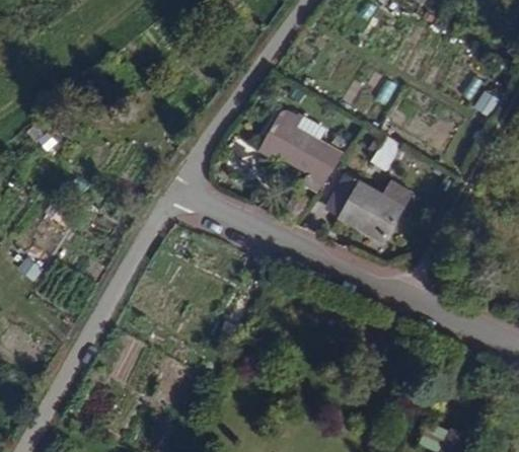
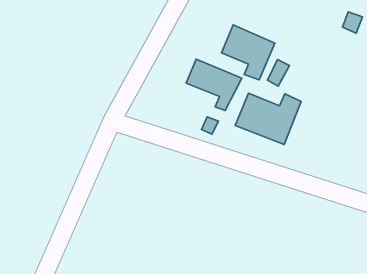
building: none -> [222,25,275,80]

